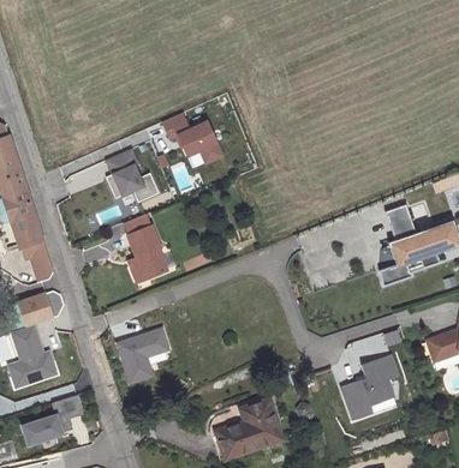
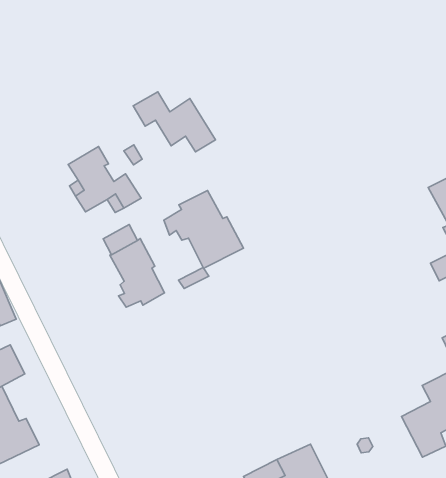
building: none -> [164,191,244,269]
building: [115,329,165,383] -> none

